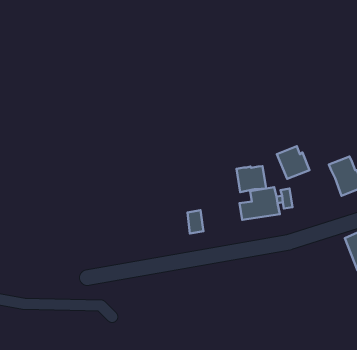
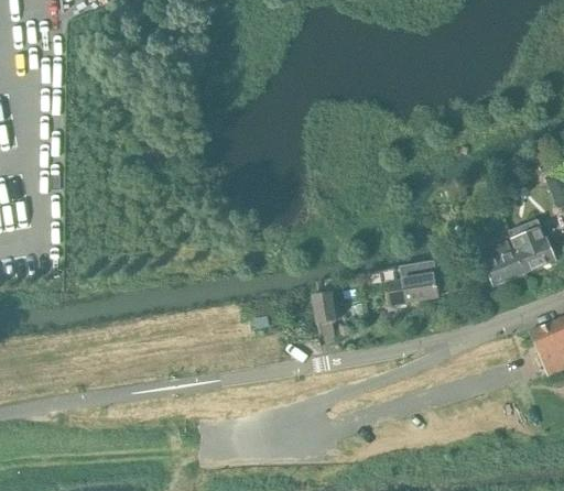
building: [277,146,310,179] -> [480,239,525,284]
building: [237,166,266,192] -> none

